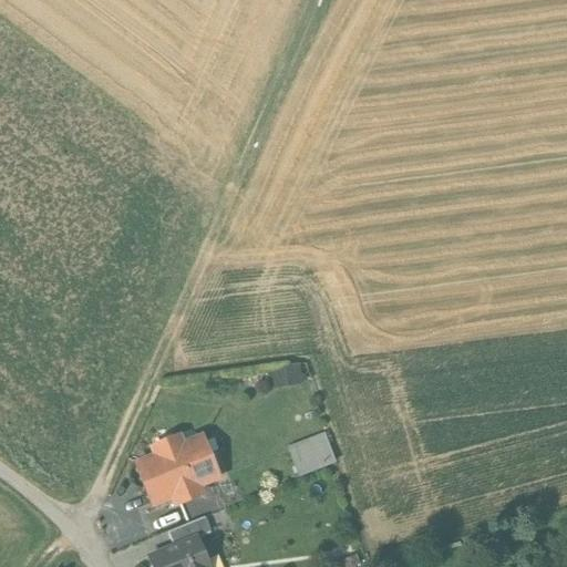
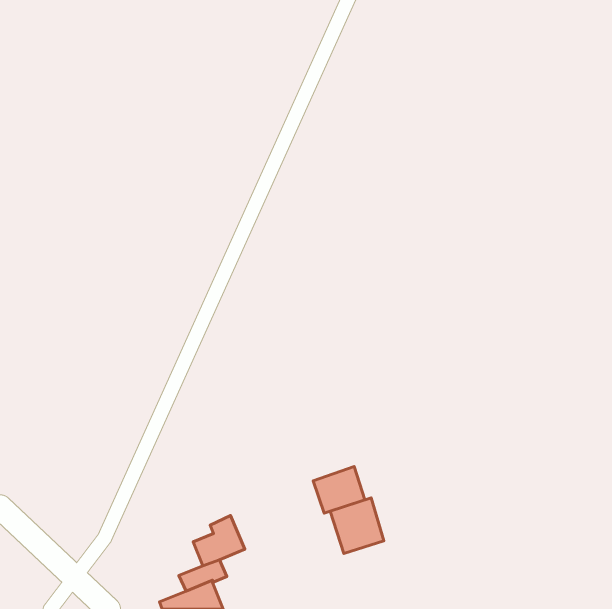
building: [143,443,214,501] -> none
building: none -> [330,498,384,553]

